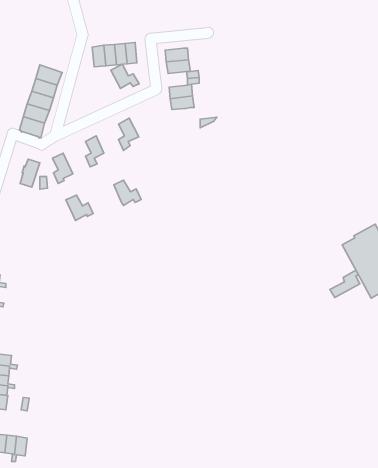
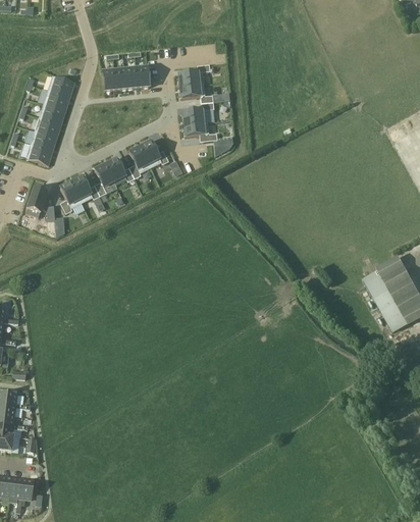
building: none -> [47,74,75,97]
building: [111,64,139,89] -> [141,139,170,164]
building: [114,180,141,205] -> [106,158,135,185]
building: [66,195,93,220] -> [71,176,100,203]
building: [330,270,360,298] -> none

